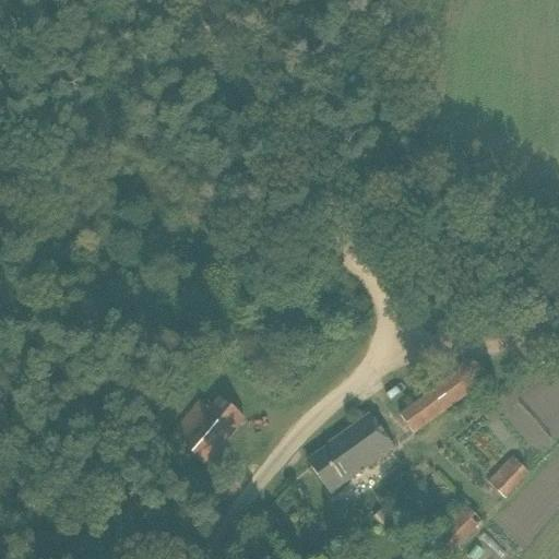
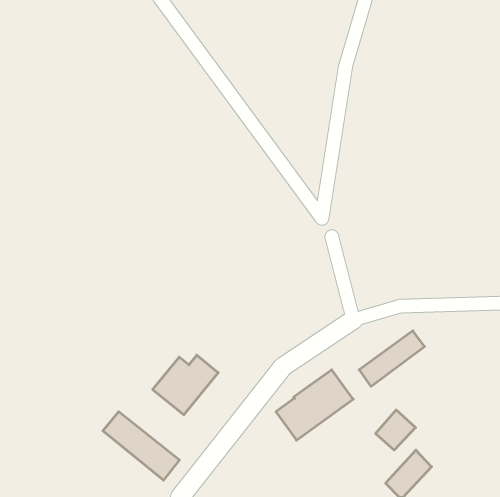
building: [485,452,530,497] -> [376,410,416,450]
building: none -> [103,412,179,480]

